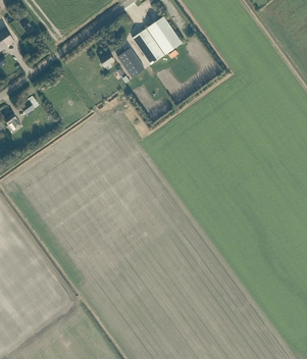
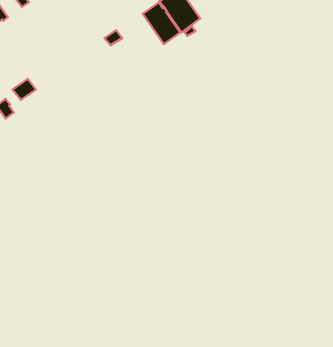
building: [116,48,144,78] -> none

